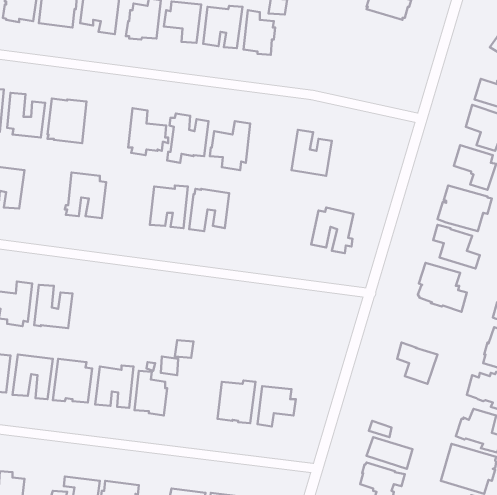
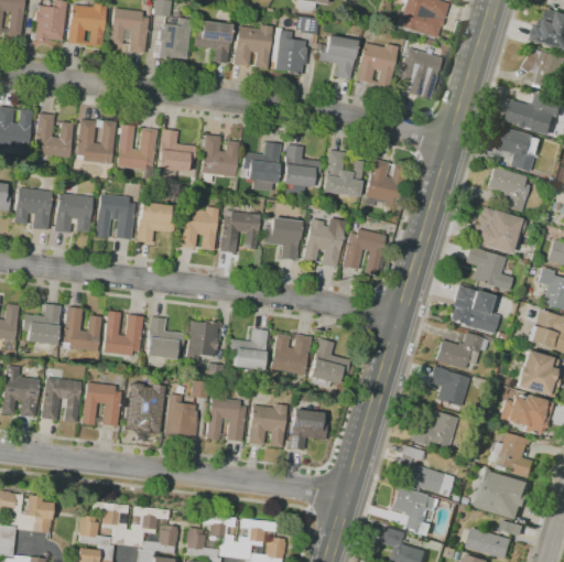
building: none -> [318,36,357,79]
building: none -> [356,43,398,87]
building: none -> [395,47,443,99]
building: none -> [117,125,158,181]
building: none -> [282,144,321,195]
building: none -> [362,159,408,208]
building: none -> [54,193,93,234]
building: none -> [137,196,174,244]
building: none -> [263,217,301,260]
building: none -> [302,219,345,268]
building: none -> [104,311,143,356]
building: none -> [147,317,184,367]
building: none -> [186,321,219,363]
building: none -> [229,329,268,376]
building: none -> [270,332,312,376]
building: none -> [436,333,489,369]
building: none -> [310,338,355,388]
building: none -> [206,397,246,442]
building: none -> [411,411,458,447]

